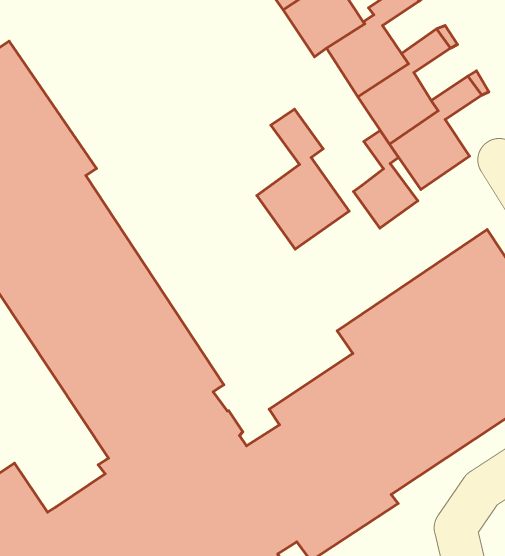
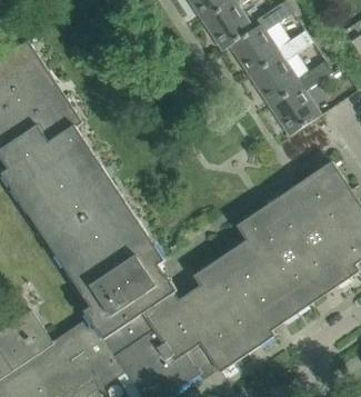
building: [257,109,349,249] -> none
building: [354,131,418,228] -> none

